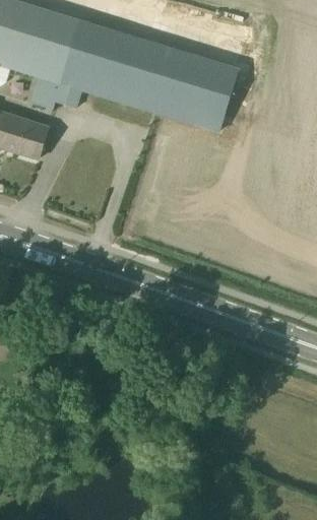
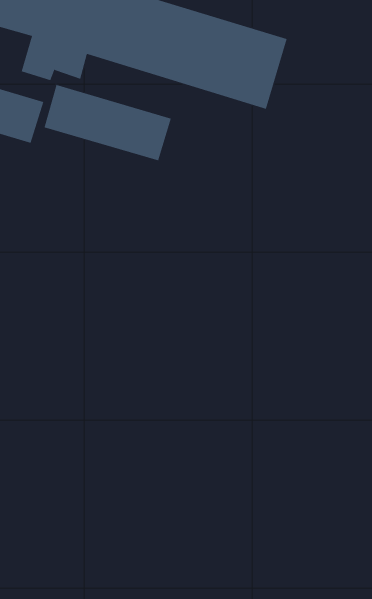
building: none -> [44,84,172,161]

